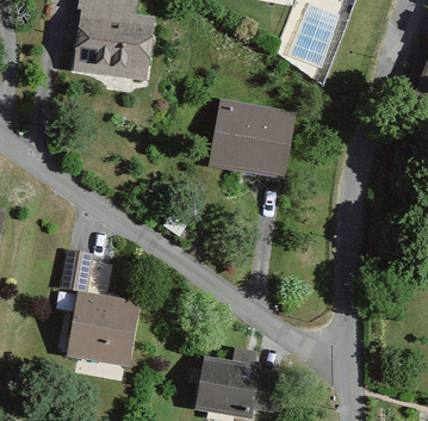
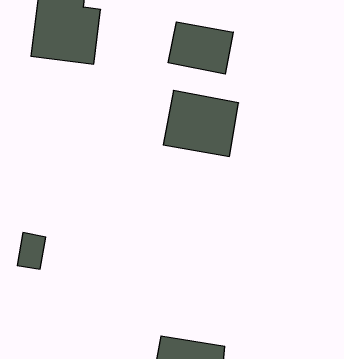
building: none -> [168,22,233,74]
building: [72,296,137,364] -> none

